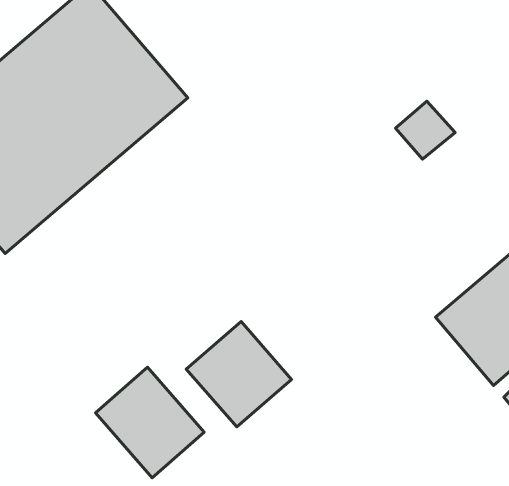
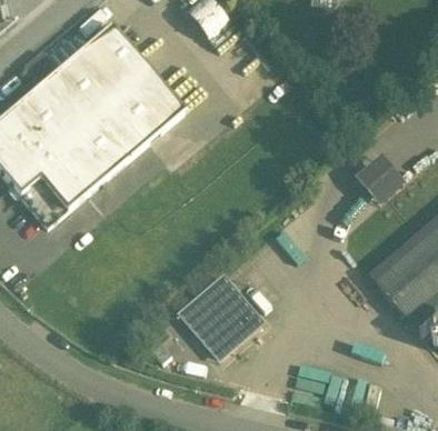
building: [396,101,455,159] -> [359,157,404,200]
building: [95,367,204,478] -> none

